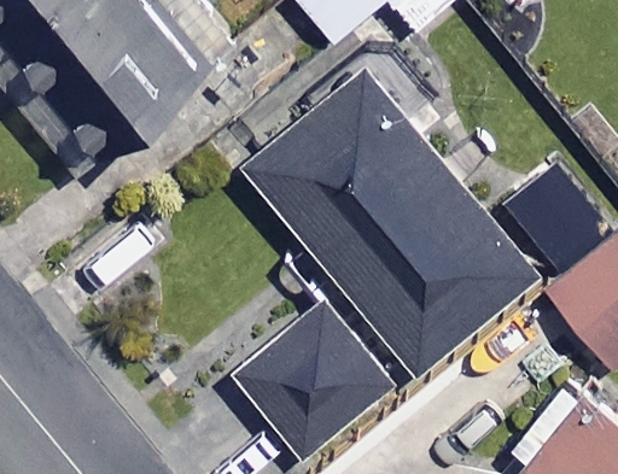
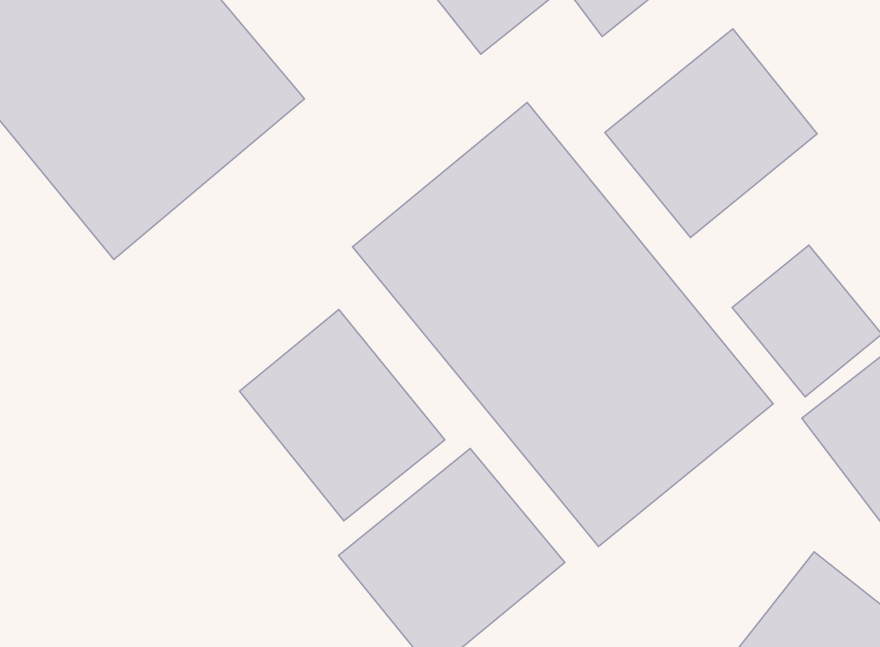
building: none -> [605,29,817,238]
building: none -> [239,309,445,521]

